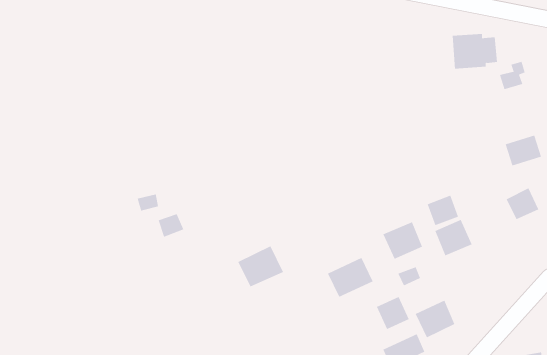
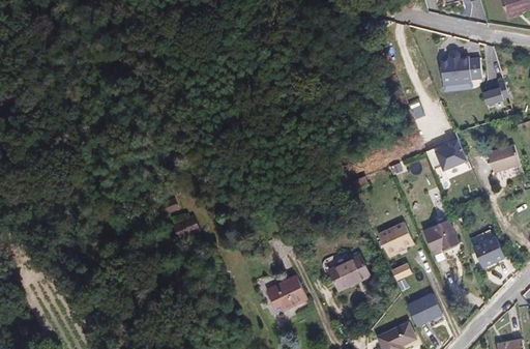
building: [506,188,539,220] -> [474,237,504,266]
building: [427,195,459,226] -> [436,143,465,171]
building: [238,246,284,287] -> [266,275,307,313]
building: [376,296,409,330] -> none

